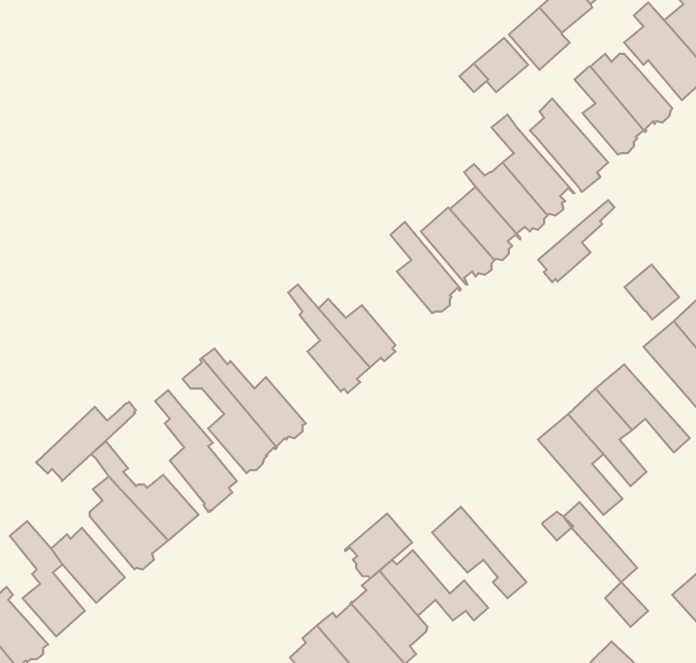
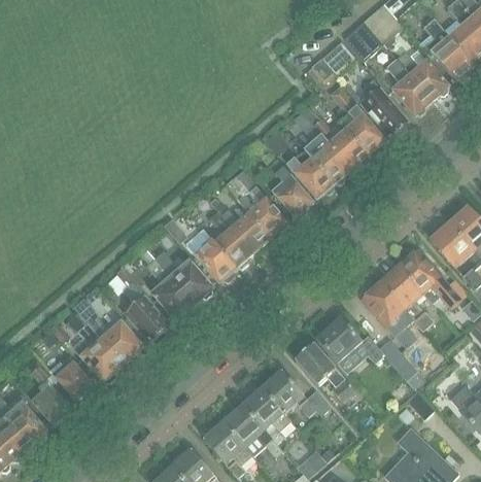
building: [538,200,615,282] -> none
building: none -> [238,172,288,239]
building: [624,265,679,320] -> none
building: none -> [195,239,236,282]
building: [36,402,136,481] -> none
building: none -> [315,316,363,363]
building: [345,513,412,579] -> none

